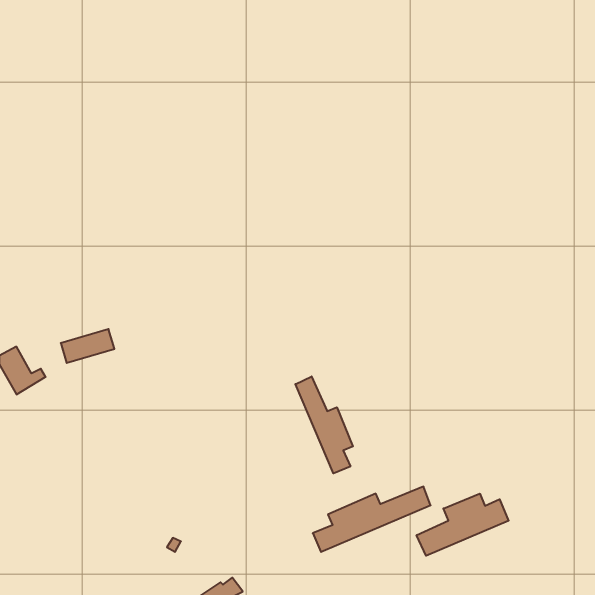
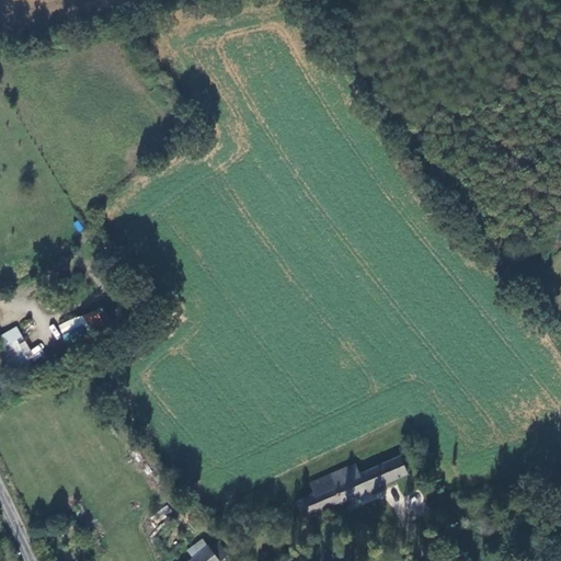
building: [295,376,353,473] -> none
building: [417,494,509,556] -> none

